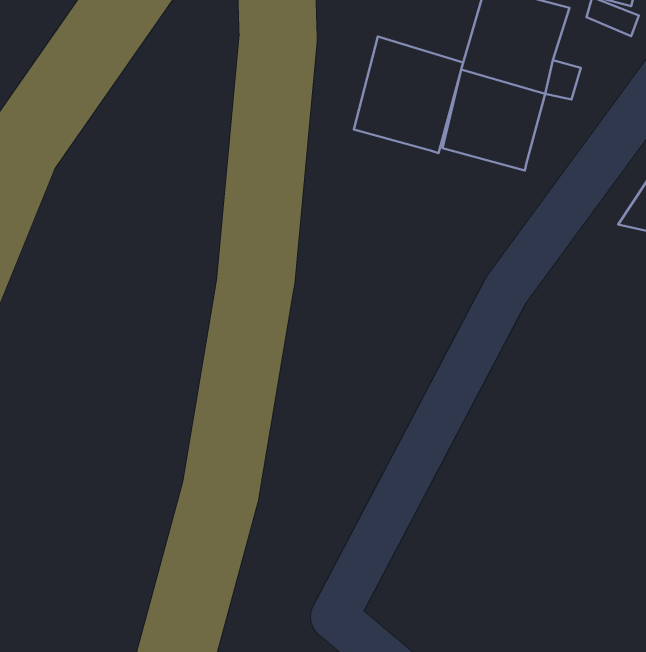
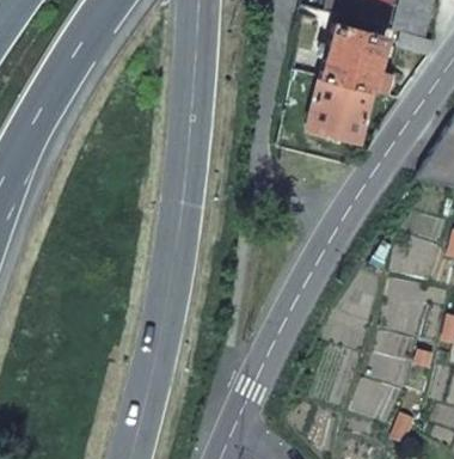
building: [354,36,463,153] -> none

